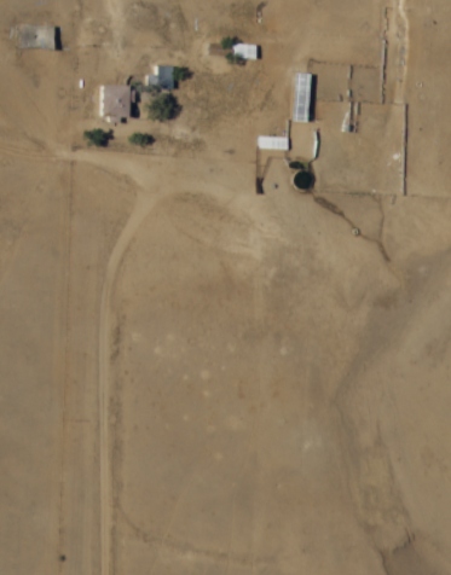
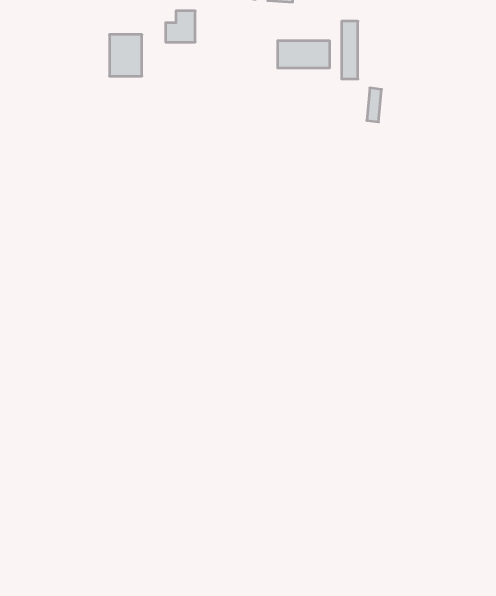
building: none -> [278,41,329,68]

